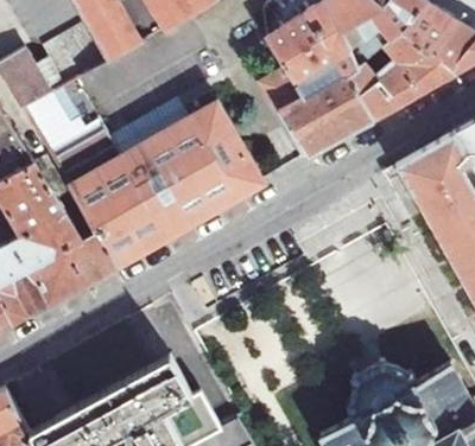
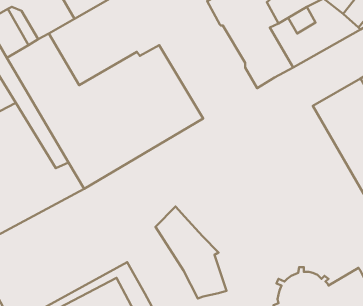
building: [260,66,328,157] -> none
building: none -> [155,206,226,298]

